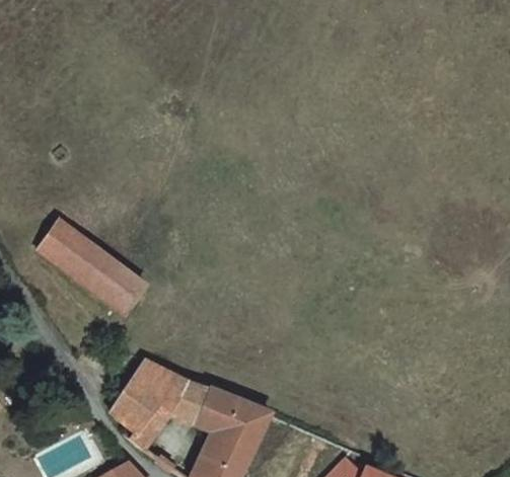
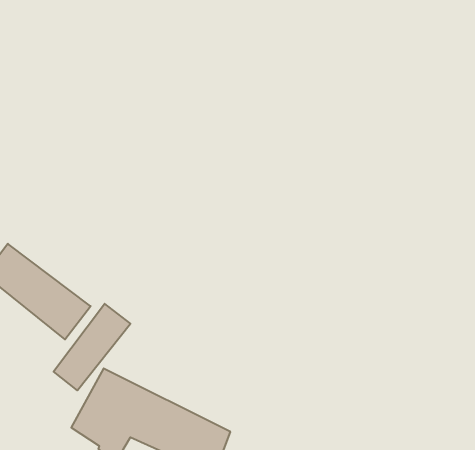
building: none -> [54,304,130,390]

